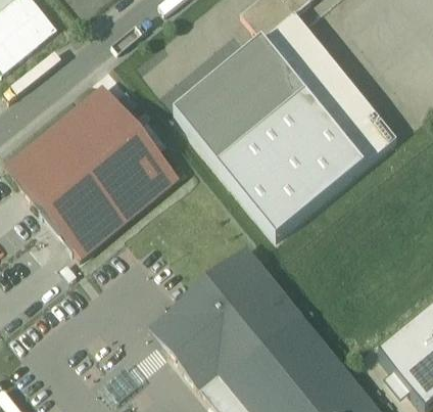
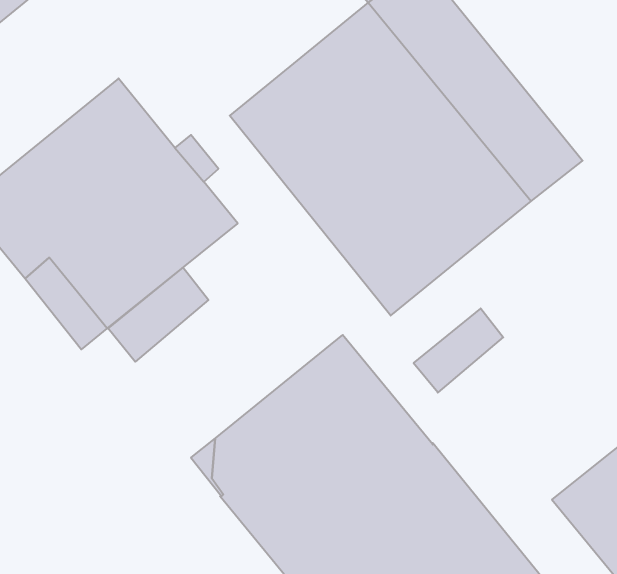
building: none -> [108,267,208,362]
building: none -> [414,308,503,393]

